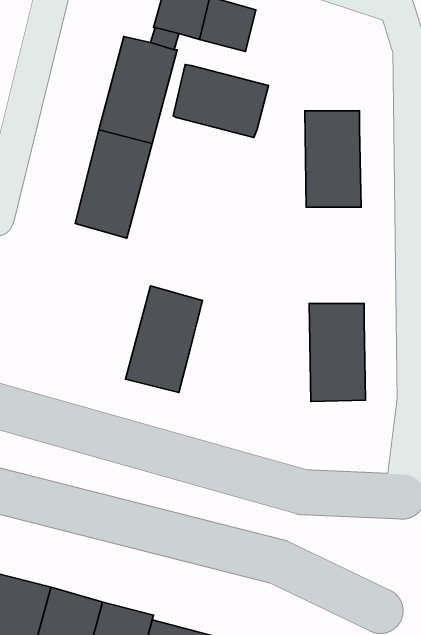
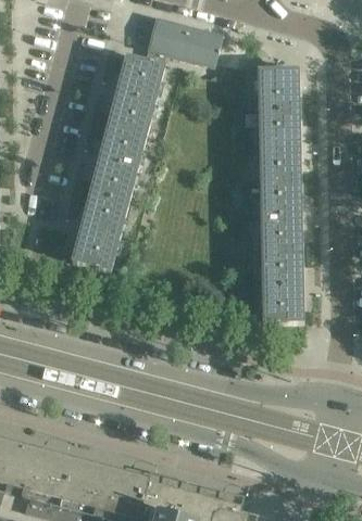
building: none -> [257,69,298,111]
building: [173,64,268,138] -> none
building: none -> [259,181,301,252]
building: [125,286,203,393] -> [71,193,127,271]

